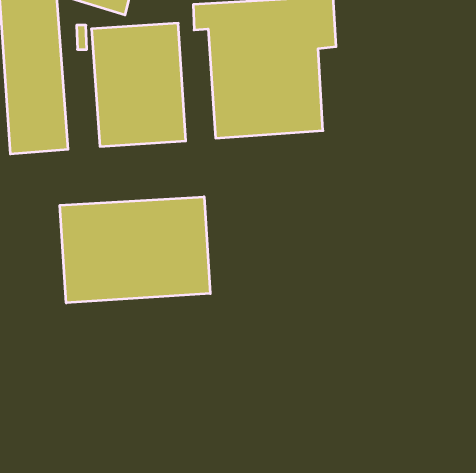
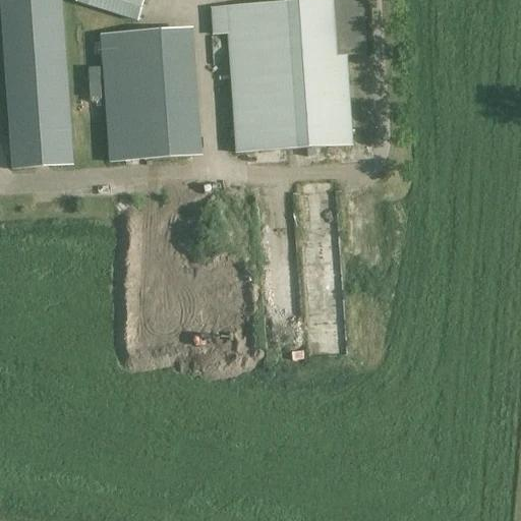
building: [60,197,210,303] -> none

